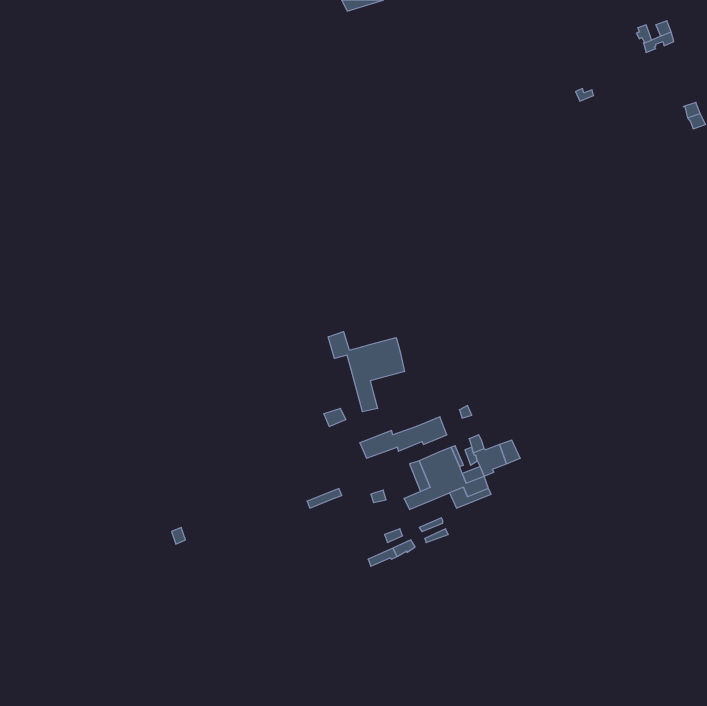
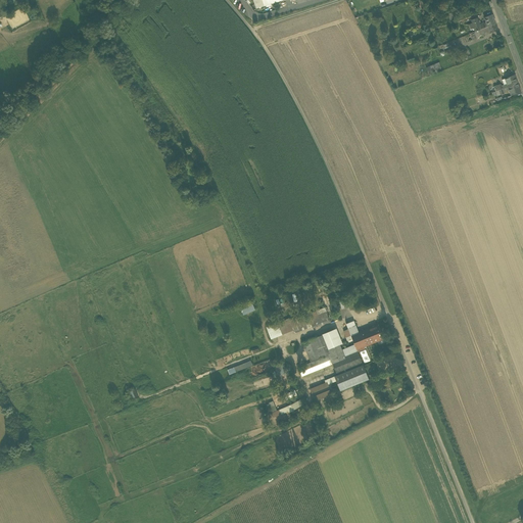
building: [328,332,404,412] -> none
building: none -> [334,366,369,391]

